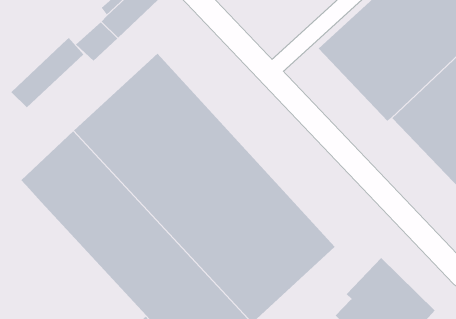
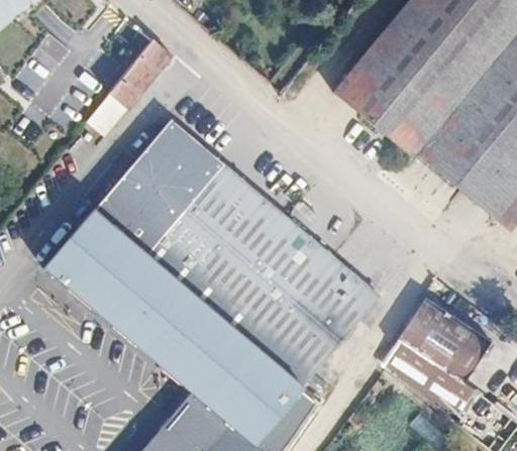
building: [11,37,84,108] -> none

